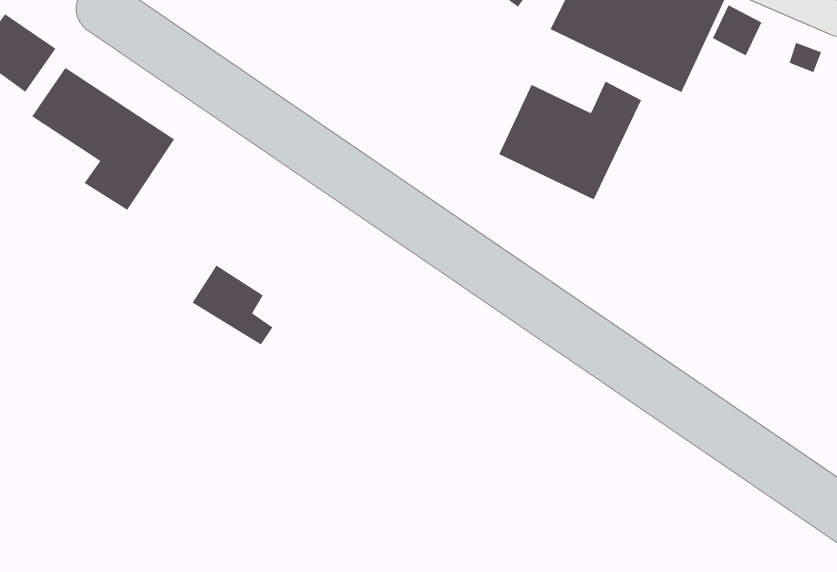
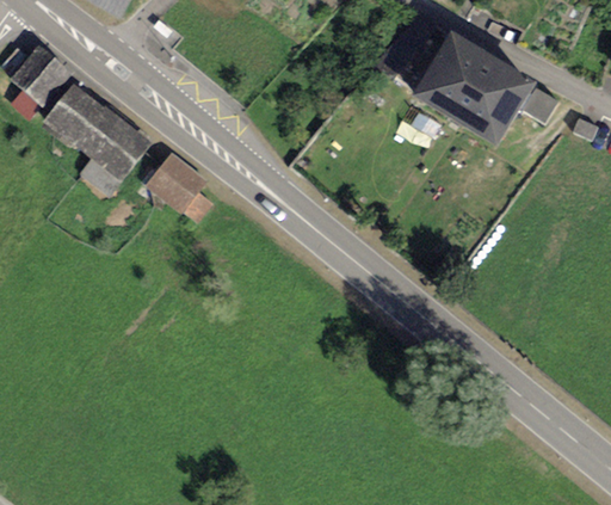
building: [498,80,642,201] -> none
building: [191,264,273,346] -> [152,155,206,214]

